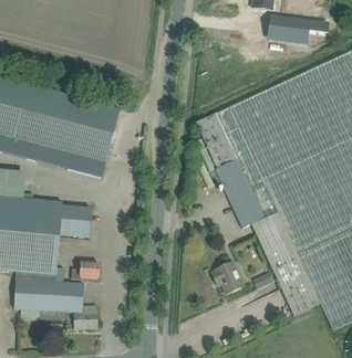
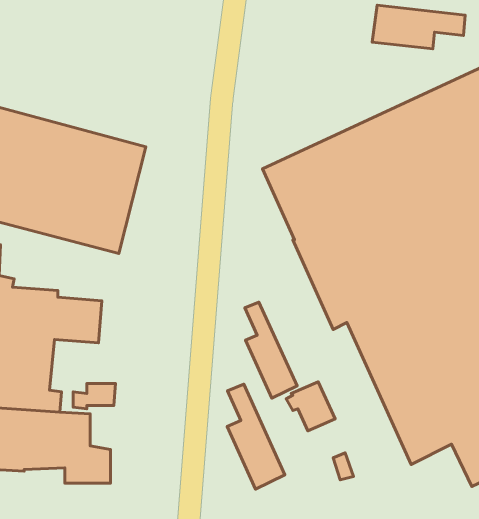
building: none -> [245,302,297,398]
building: none -> [227,384,285,489]

